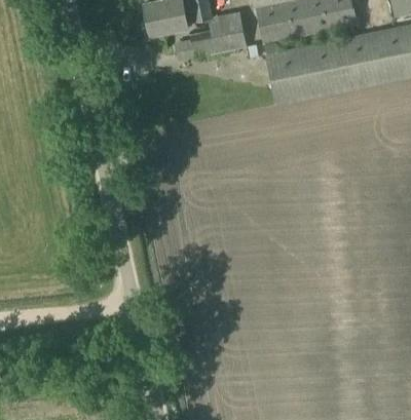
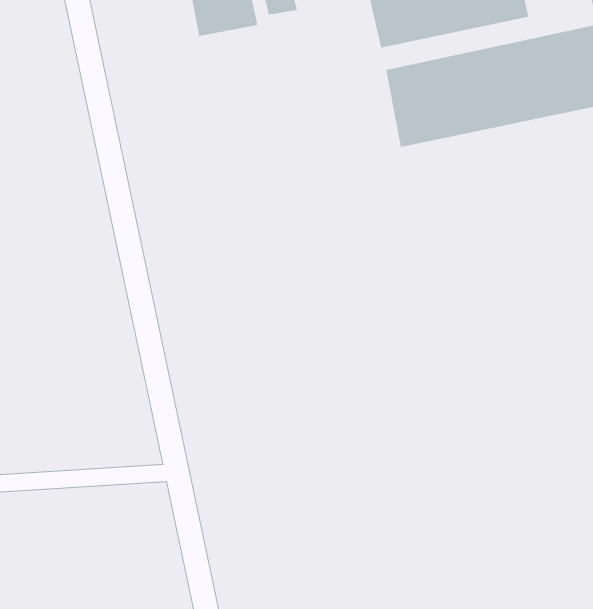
building: [190,24,246,55] -> none

